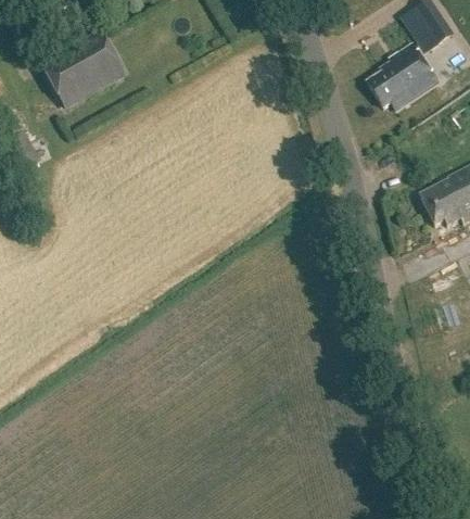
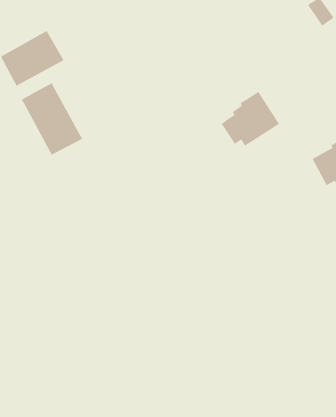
building: [368,43,439,110] -> [221,91,280,147]
building: none -> [21,82,83,155]

